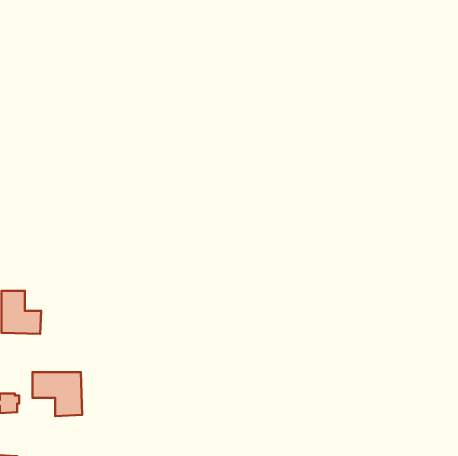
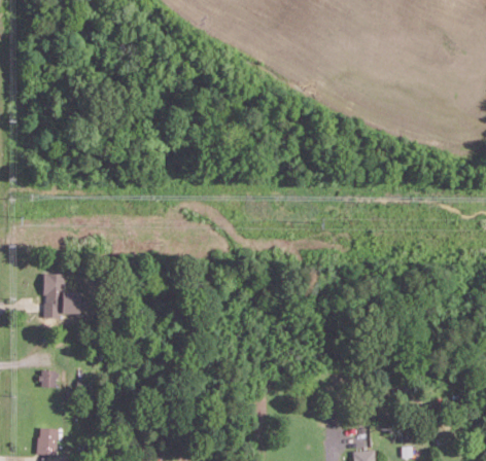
building: [32,372,82,416] -> none

